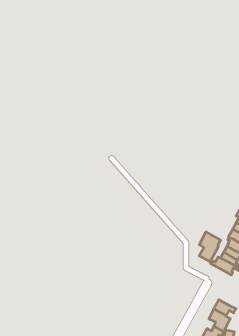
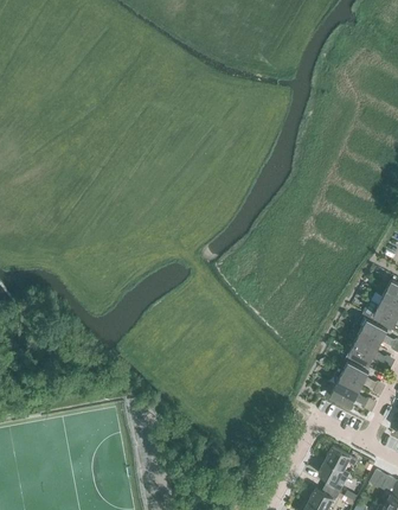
building: [199,232,220,262] -> none

